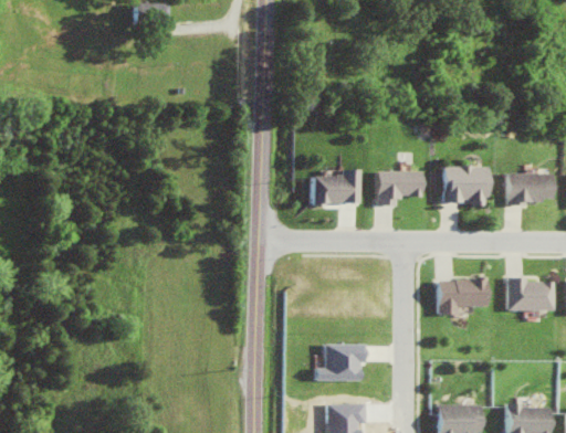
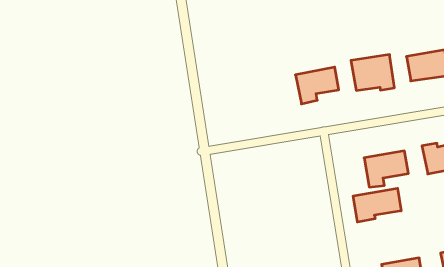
building: [311,168,359,203] -> none
building: none -> [353,188,401,222]
building: [314,346,364,380] -> none

